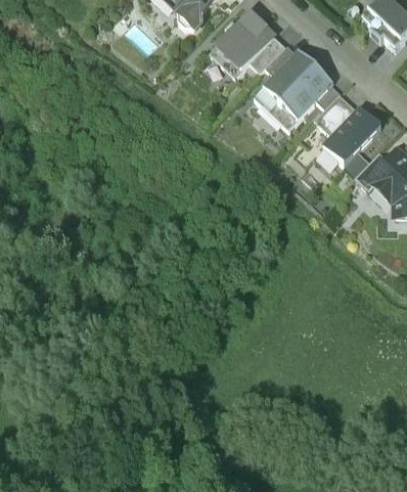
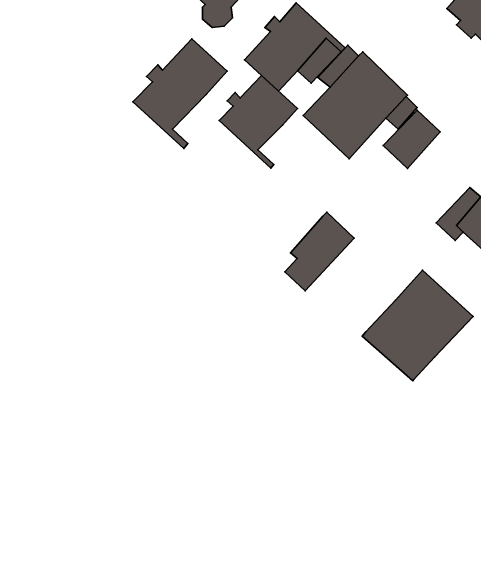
building: none -> [133,39,227,148]
building: none -> [219,75,297,168]
building: [328,105,380,165] -> [285,212,354,291]
building: none -> [362,270,473,381]

